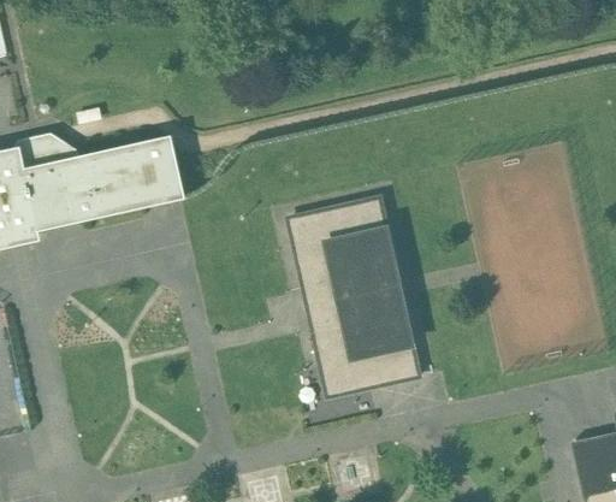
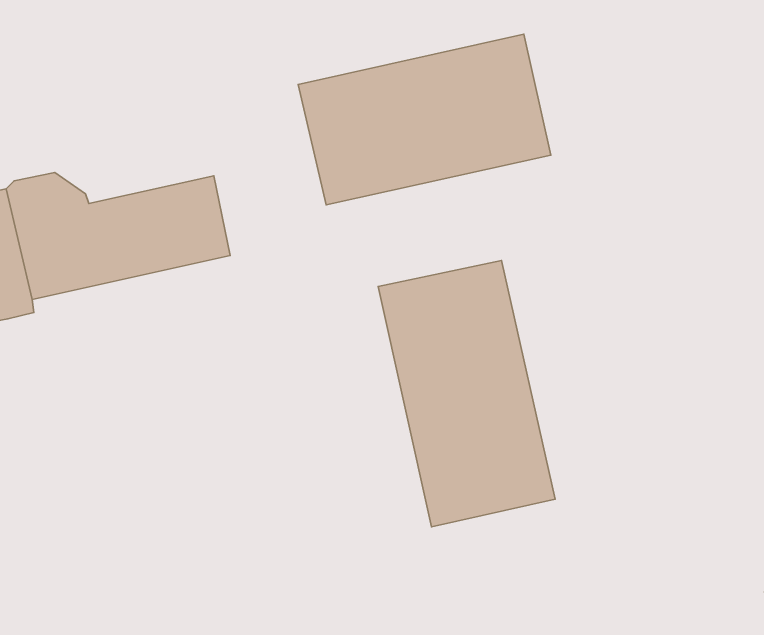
building: none -> [298,34,551,205]

